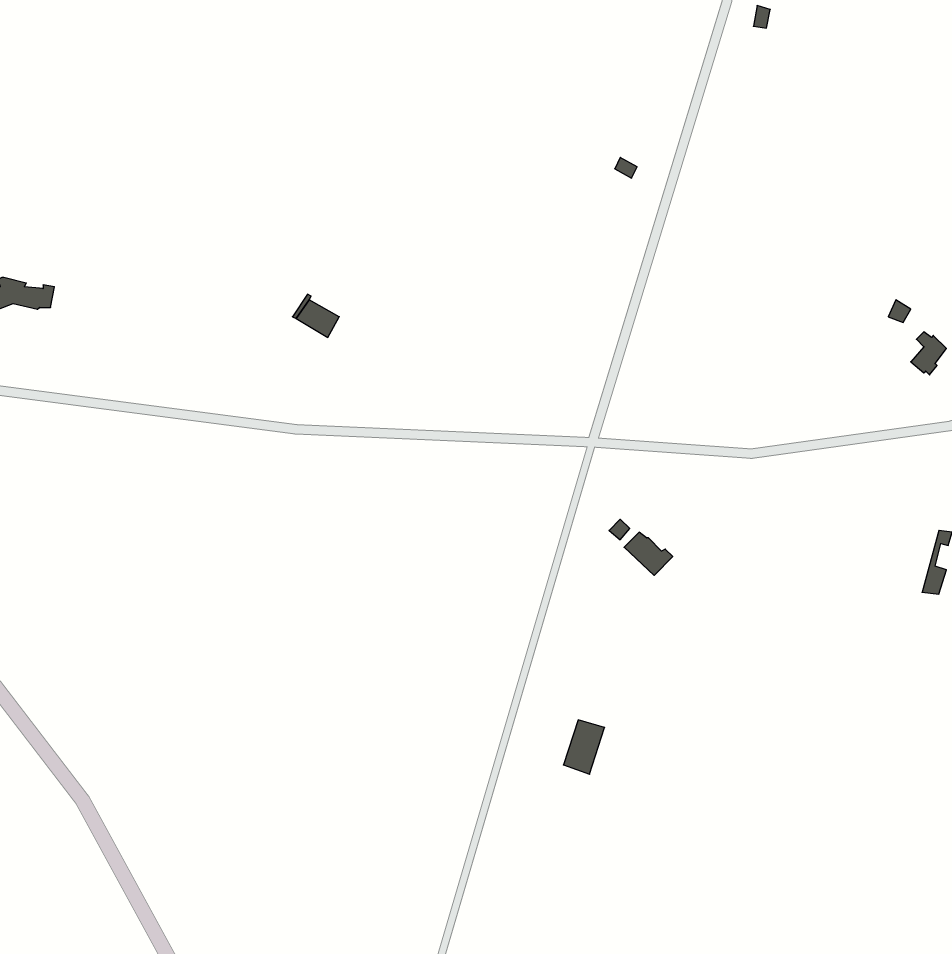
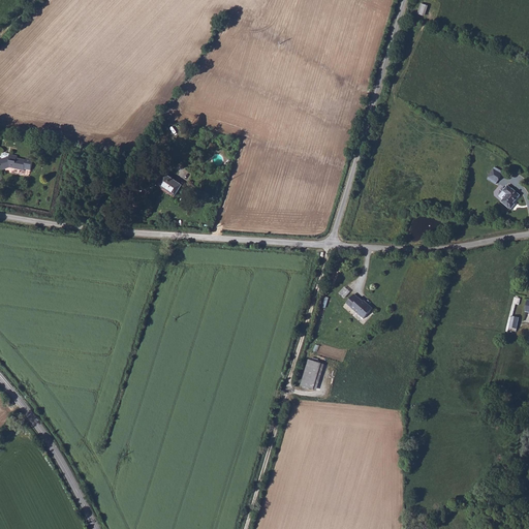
building: [563,720,605,774] -> [298,363,320,393]

